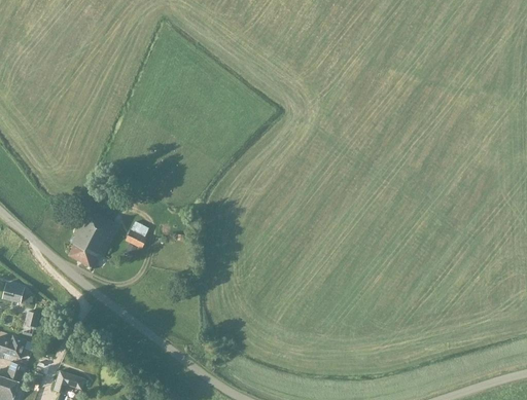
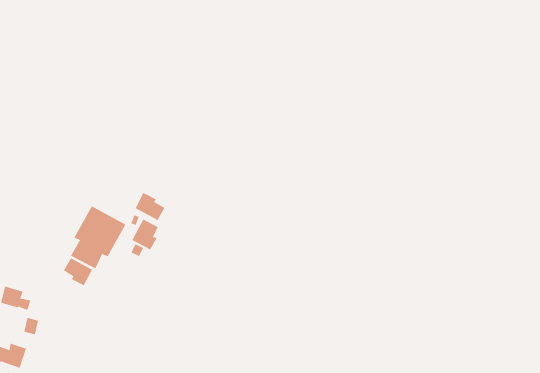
building: none -> [135,192,165,221]
building: none -> [63,257,93,286]

